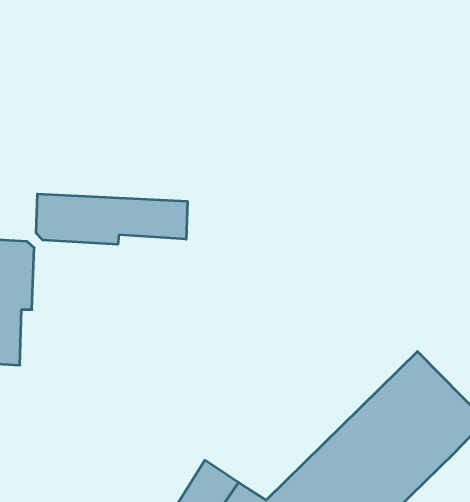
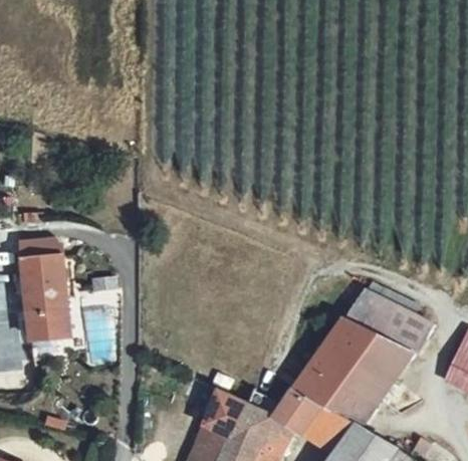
building: [36,194,187,244] -> none

